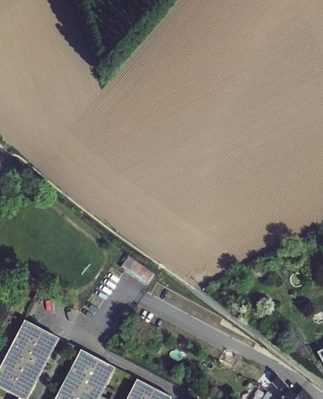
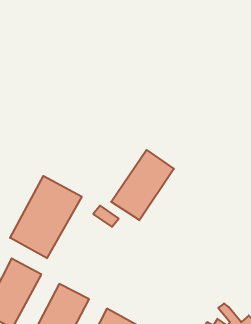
building: none -> [111,150,174,220]
building: none -> [10,176,82,258]

